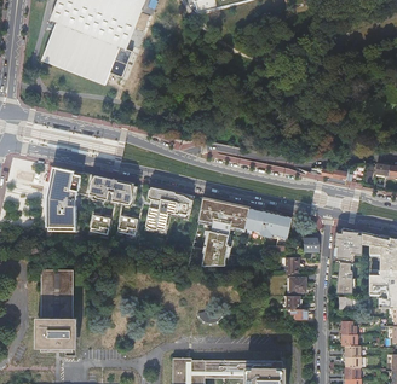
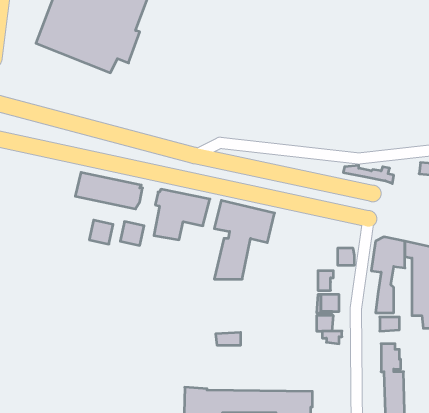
building: [47,167,82,231] -> none
building: [244,208,292,238] -> none
building: [39,269,73,351] -> none

